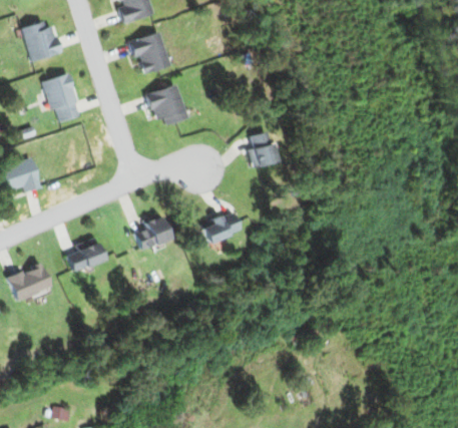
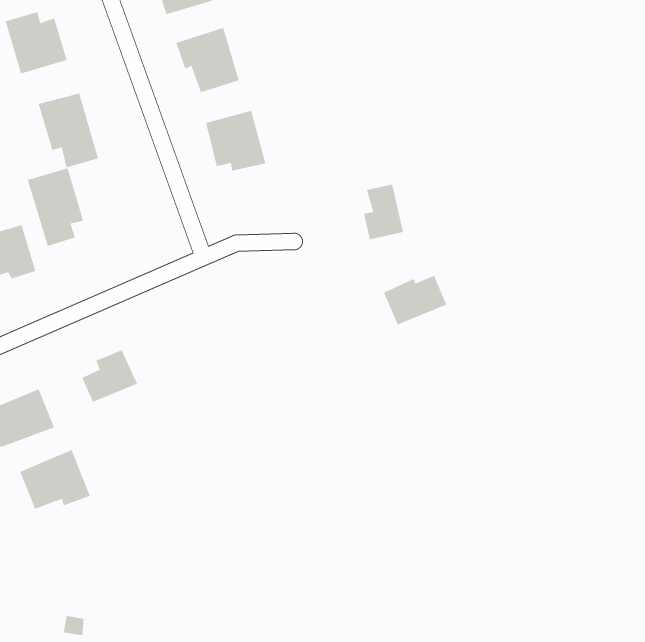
building: none -> [27,168,84,247]
building: [200,212,242,245] -> [383,275,447,325]
building: [135,215,171,252] -> none
building: none -> [19,449,91,510]

